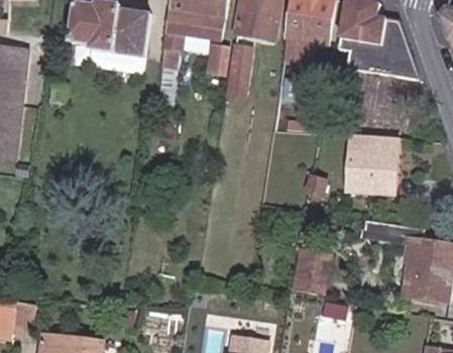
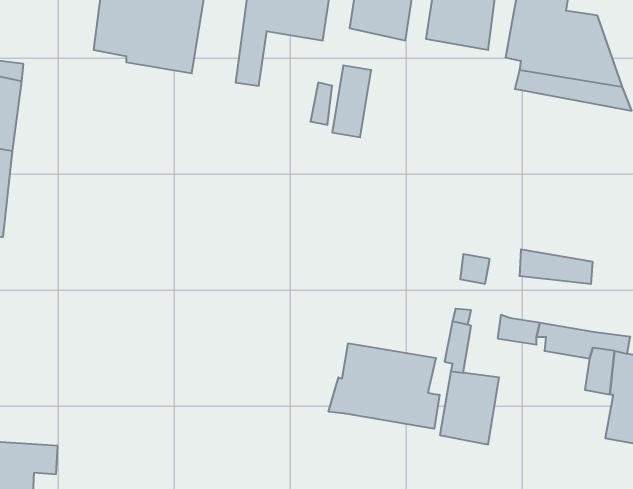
building: [348,134,398,179] -> none
building: none -> [329,343,440,429]

